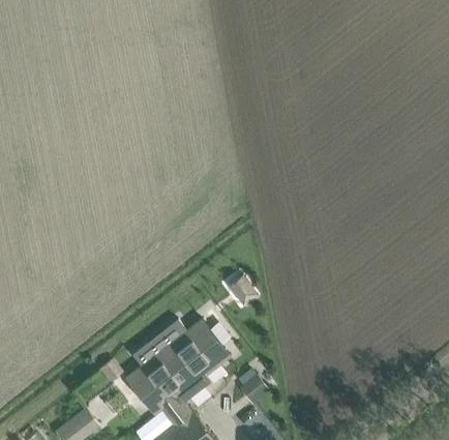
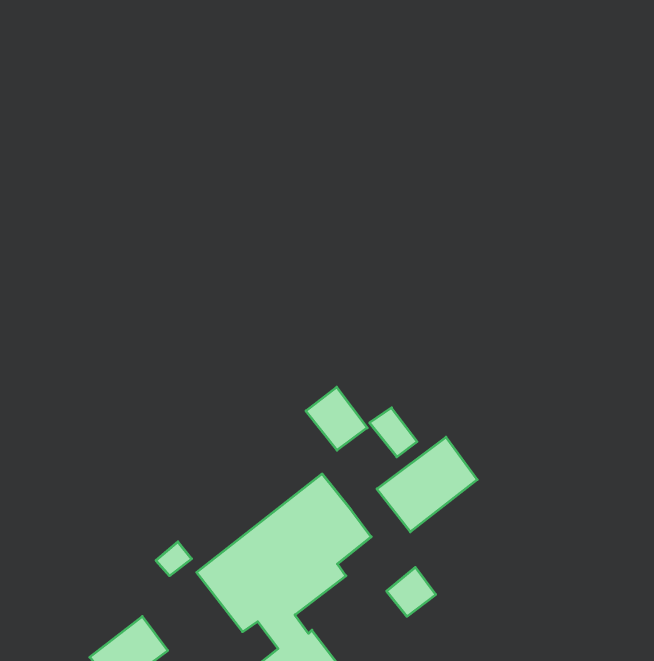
building: none -> [306,387,367,450]
building: none -> [377,437,477,532]

